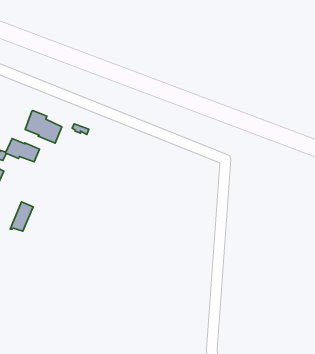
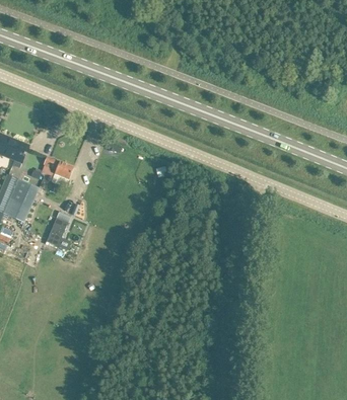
building: [25,110,62,143] -> none

